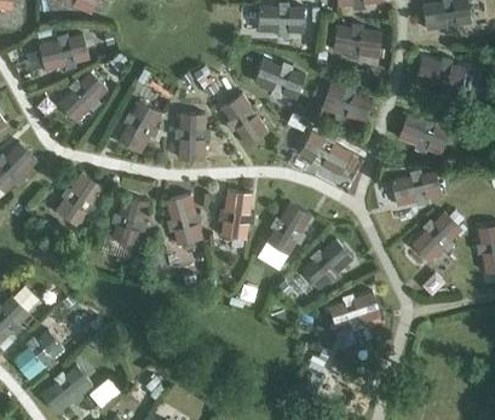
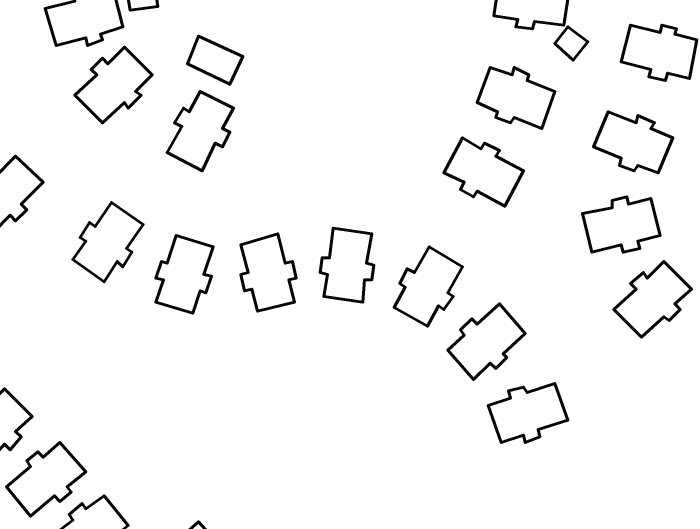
building: [253,59,305,99] -> none
building: [221,93,267,145] -> none
building: [174,113,209,160] -> none

